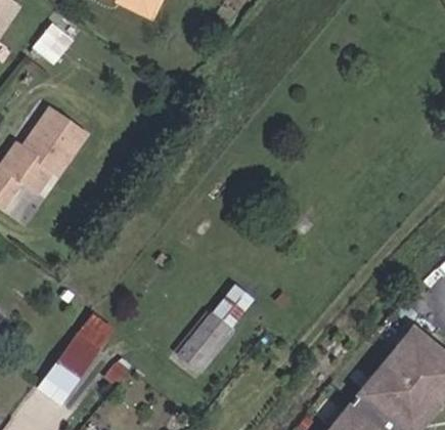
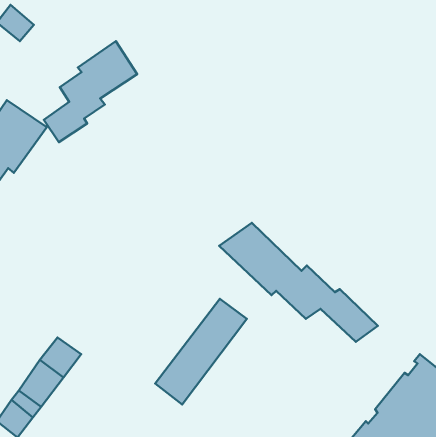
building: none -> [44,41,137,142]
building: none -> [219,223,378,342]

